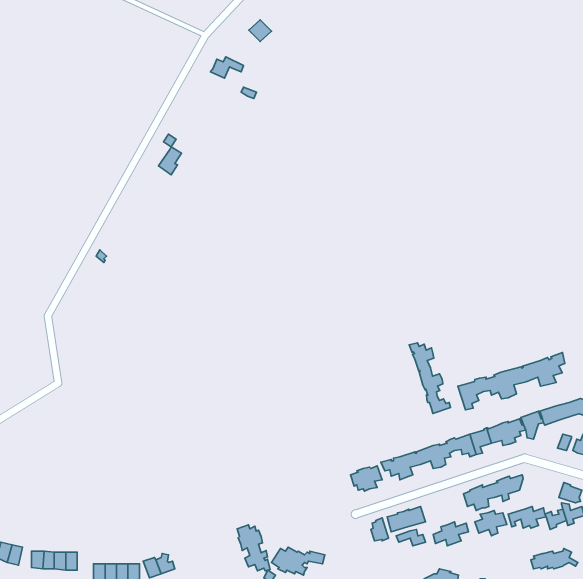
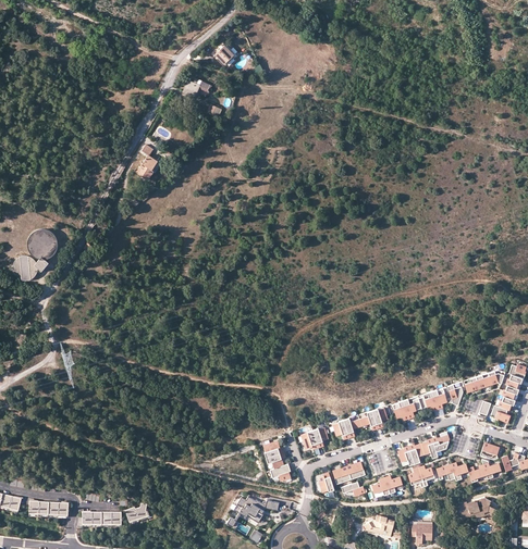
building: none -> [11,228,58,279]
building: [409,343,451,414] -> none
building: [458,353,565,410] -> none
building: [237,525,270,571] -> [263,441,292,481]

